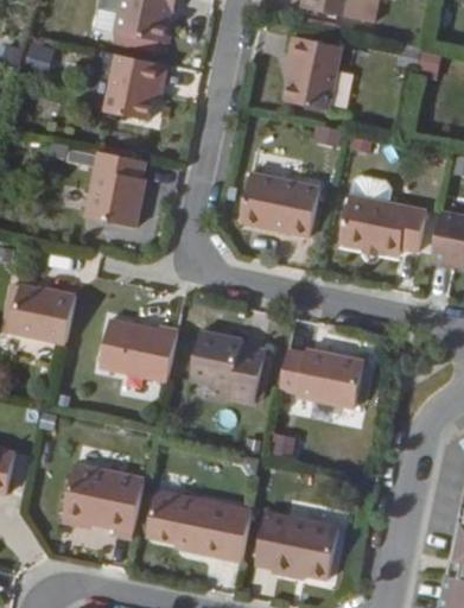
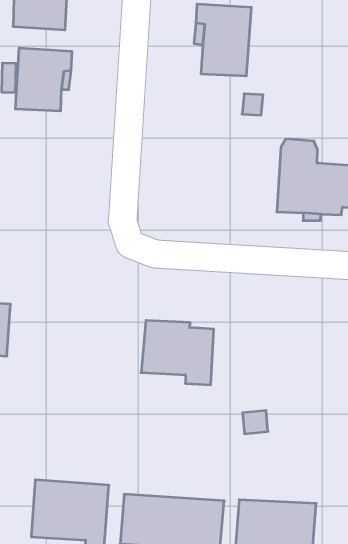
building: [85,153,145,228] -> none
building: [241,175,322,239] -> none
building: [98,317,176,380] -> none
building: [277,347,362,406] -> none

